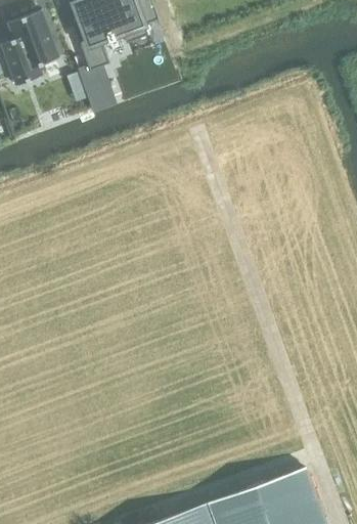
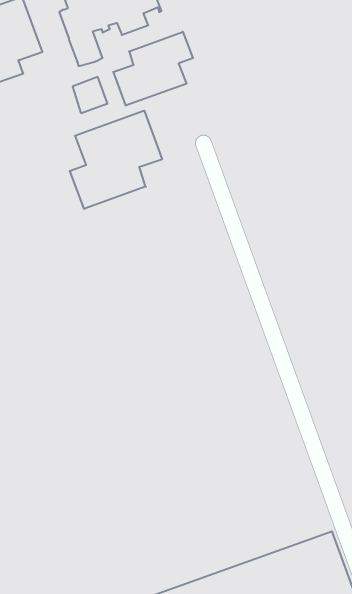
building: none -> [113,32,193,106]
building: none -> [70,111,162,209]

